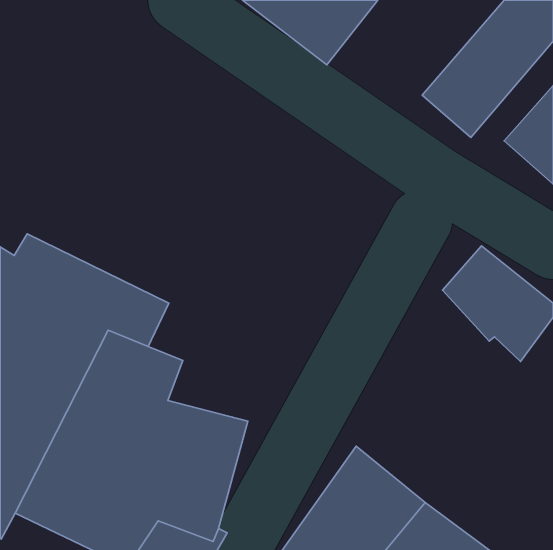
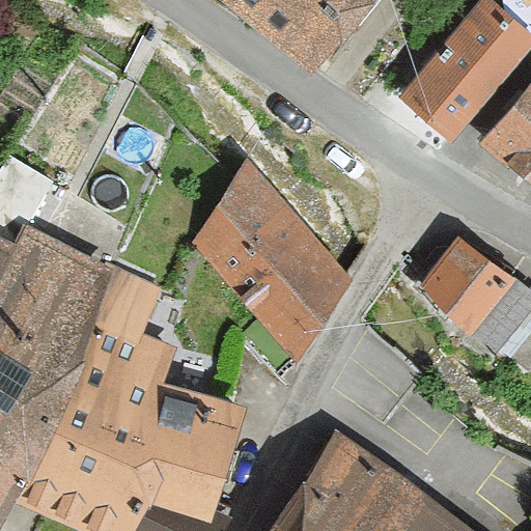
building: none -> [195,163,347,358]

